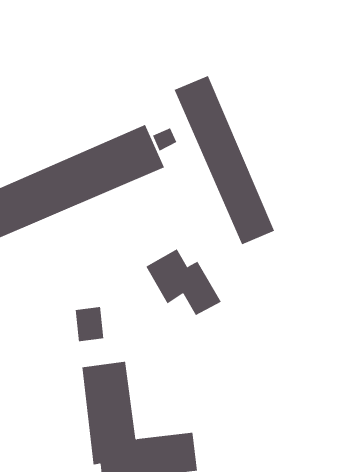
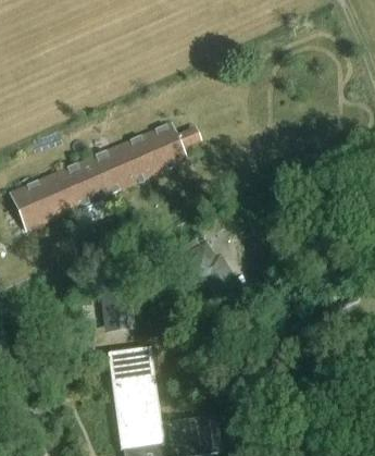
building: [174,75,275,245] -> none

